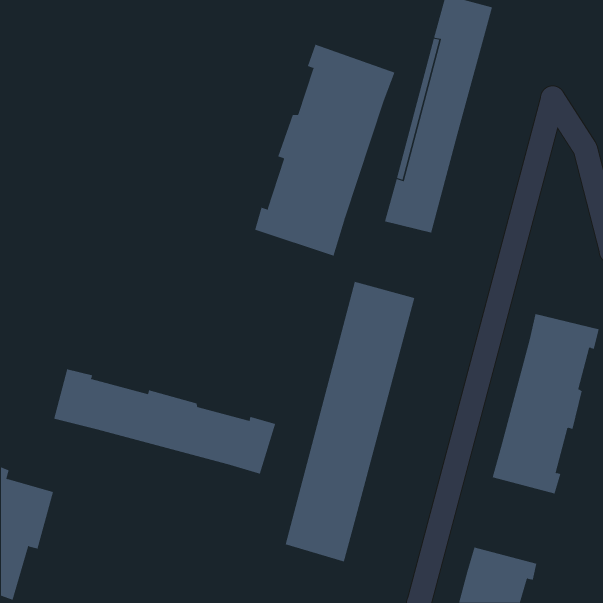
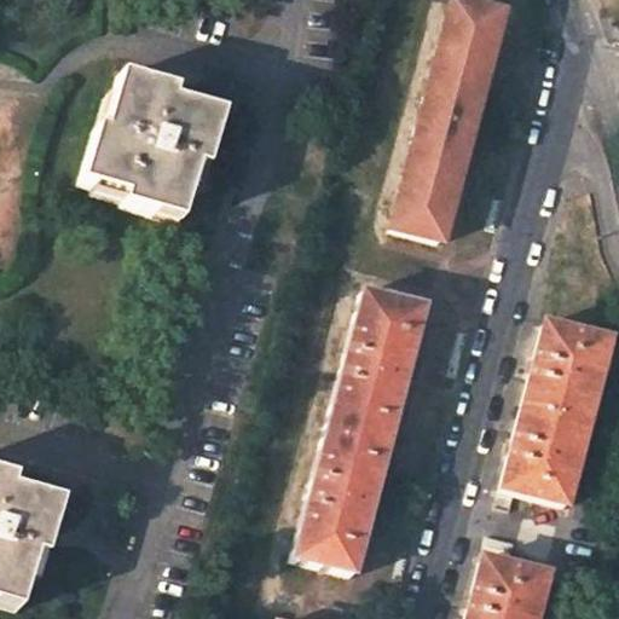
building: [254,44,395,256] -> none
building: none -> [79,73,226,220]
building: [53,368,276,474] -> none

